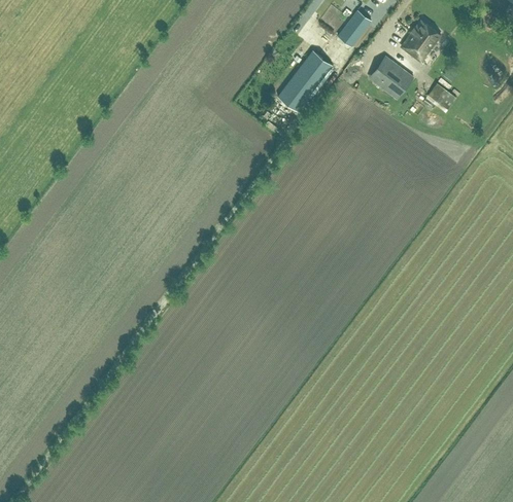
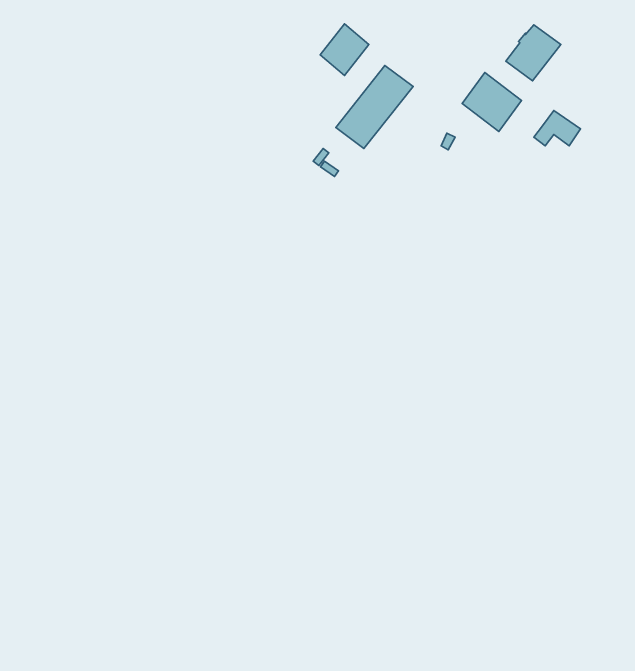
building: [338,10,372,46] -> none
building: none -> [320,24,369,75]

